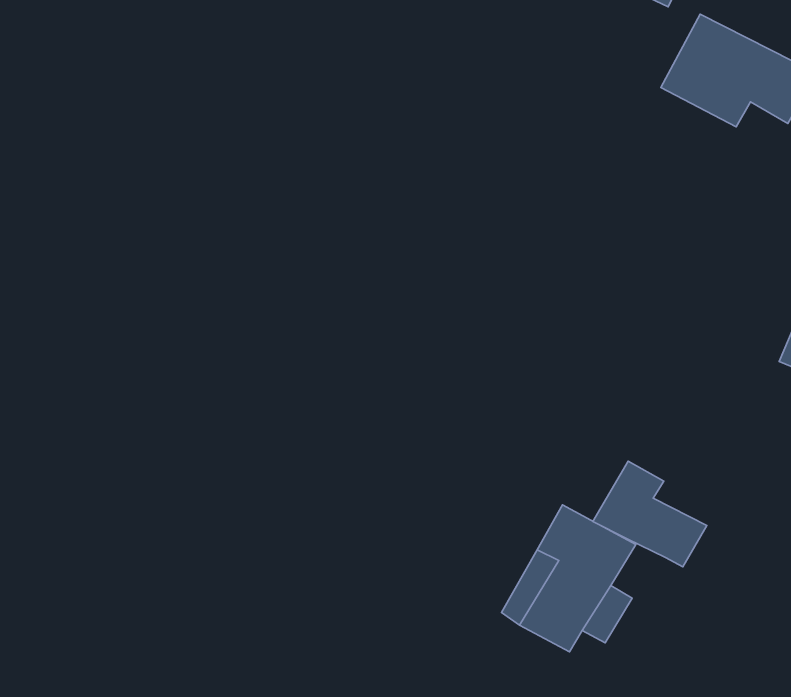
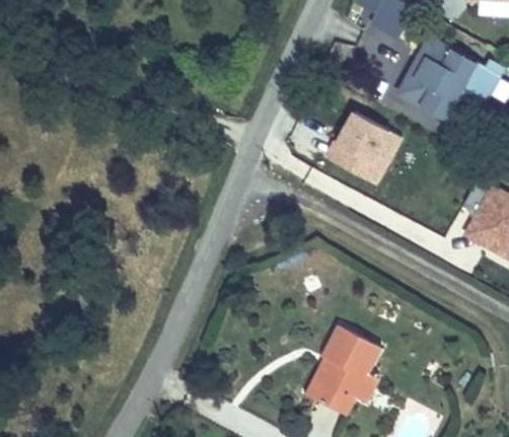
building: none -> [325,108,405,188]
building: [593,461,707,567] -> none

